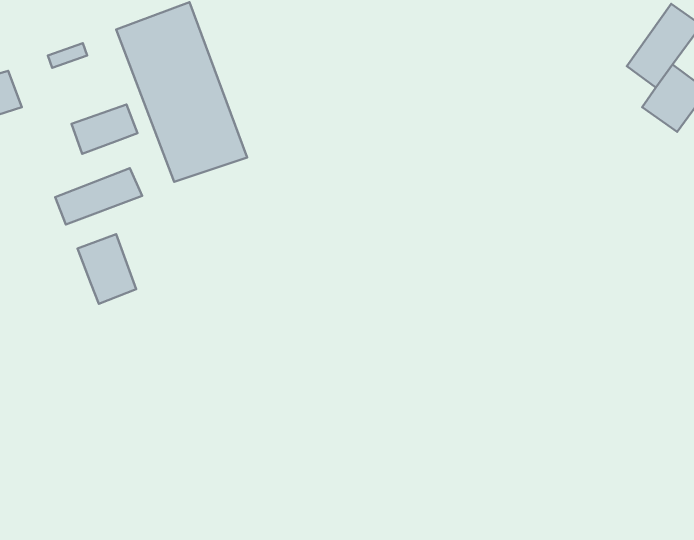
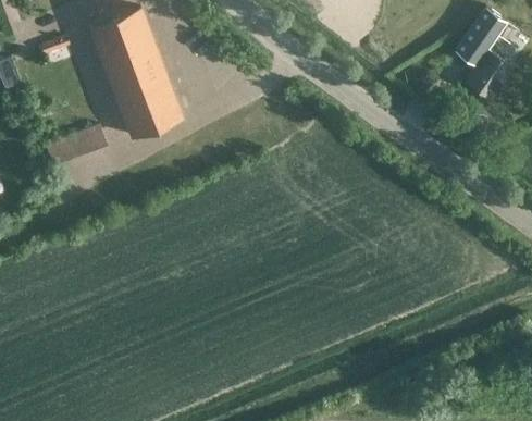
building: [72,104,138,154] -> none
building: [77,234,136,304] -> none

